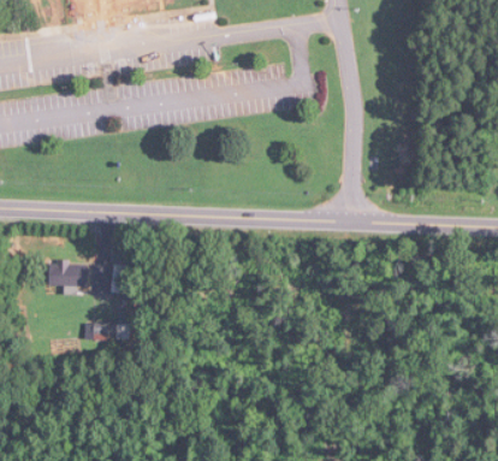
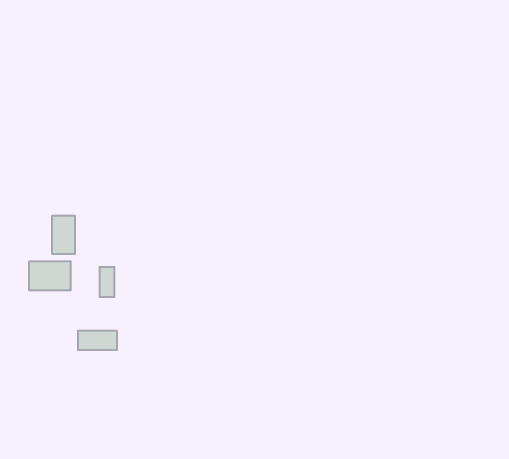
building: none -> [52,216,75,254]

